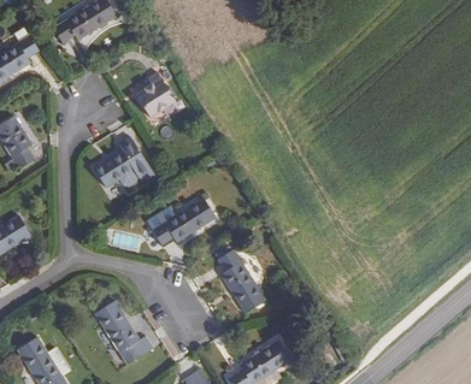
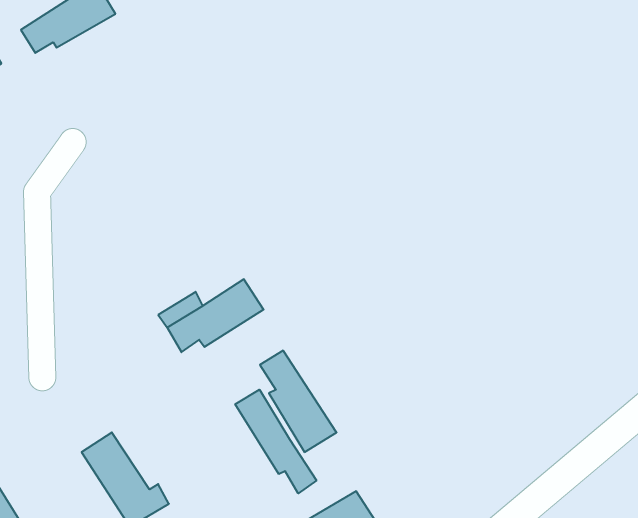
building: [135,71,176,118] -> none
building: [92,136,155,189] -> none
building: none -> [235,390,316,493]

